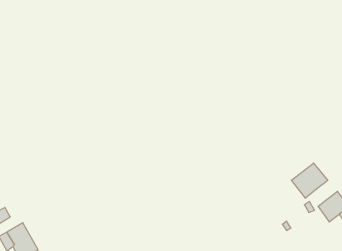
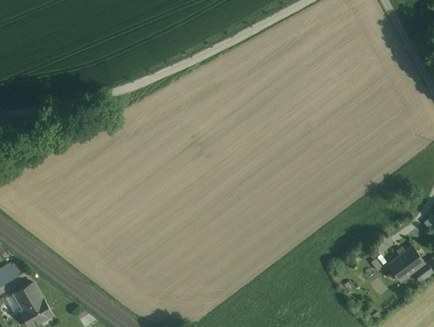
building: [291,163,328,198] -> none

